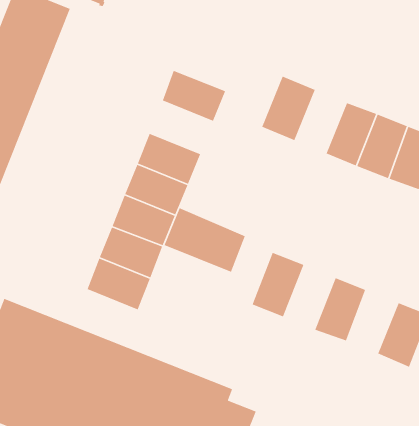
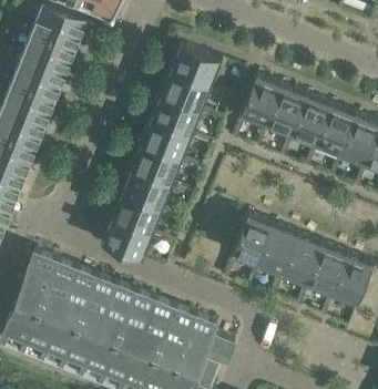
building: none -> [168,43,221,85]
building: none -> [265,84,306,135]
building: none -> [150,93,201,135]
building: [164,207,246,273] -> none
building: none -> [256,223,297,275]
building: none -> [306,243,347,294]

